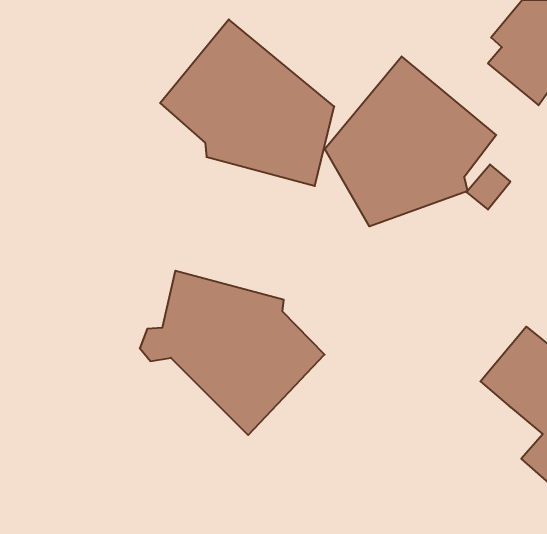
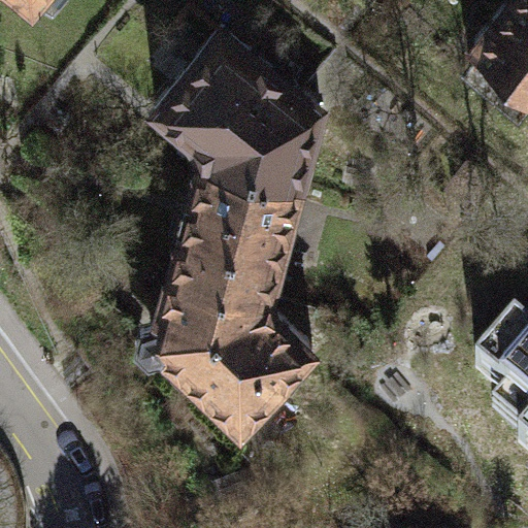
building: [325,56,496,226] -> none
building: none -> [170,165,304,302]

